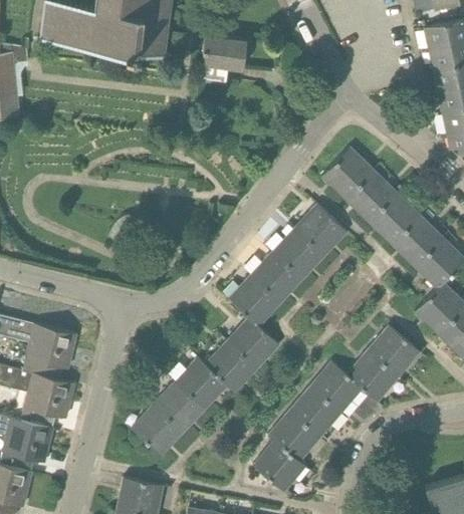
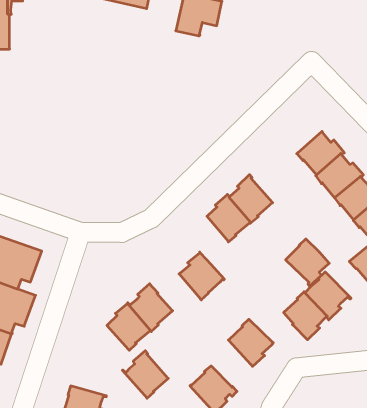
building: [321,147,374,198] -> none
building: [297,204,346,256] -> none
building: [228,274,279,325] -> none
building: [207,340,255,393] -> none
building: [311,361,360,413] -> [286,239,329,286]
building: [131,404,182,456] -> [122,351,168,398]
building: [268,410,317,462] -> none

